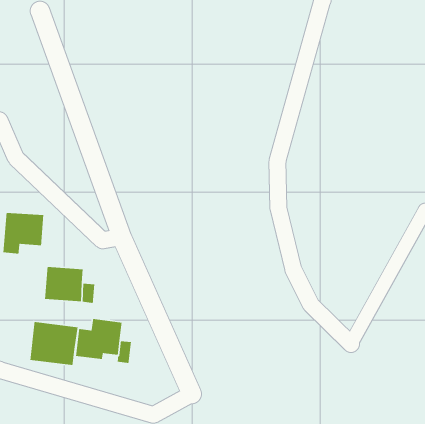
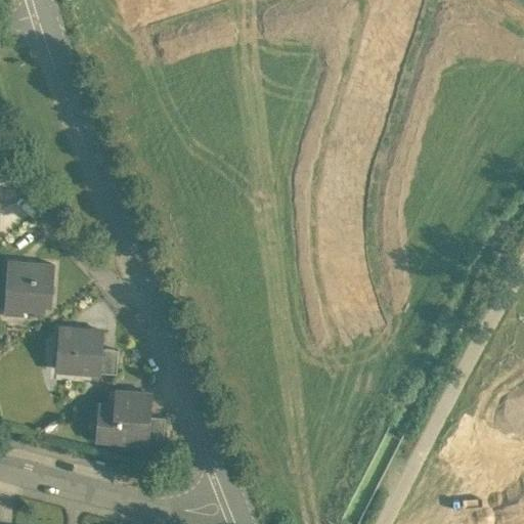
building: [30,321,79,366] -> none

